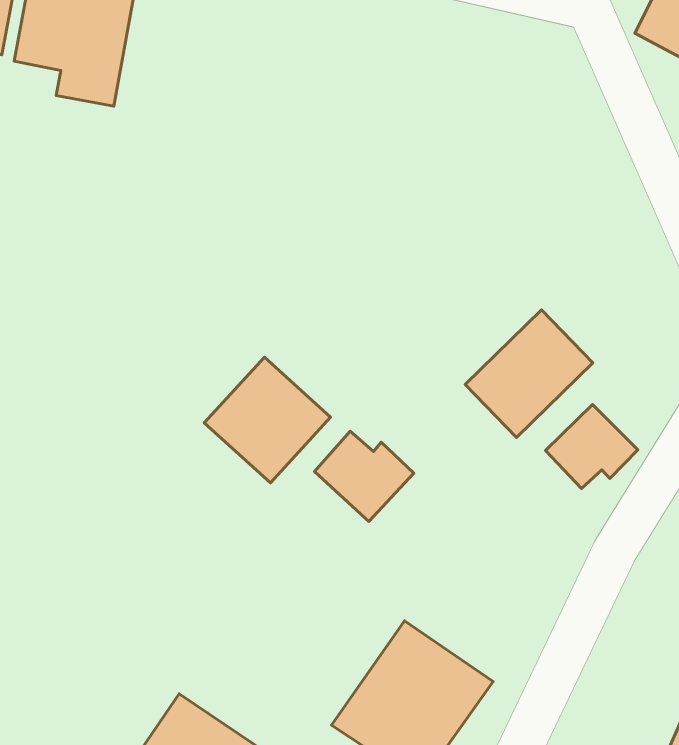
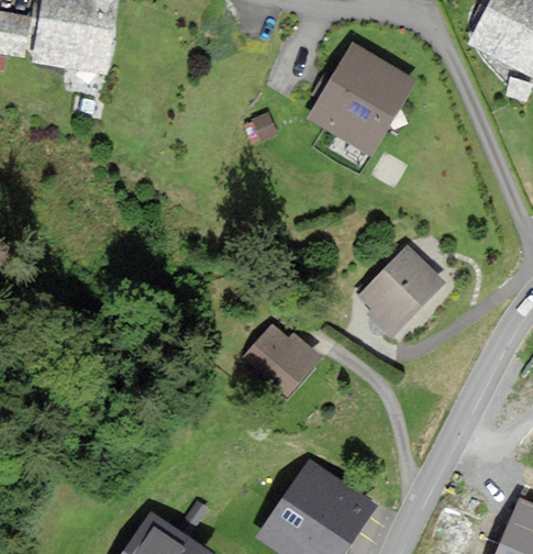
building: none -> [310,45,421,159]
building: [204,357,331,483] -> none
building: [545,405,638,489] -> none

